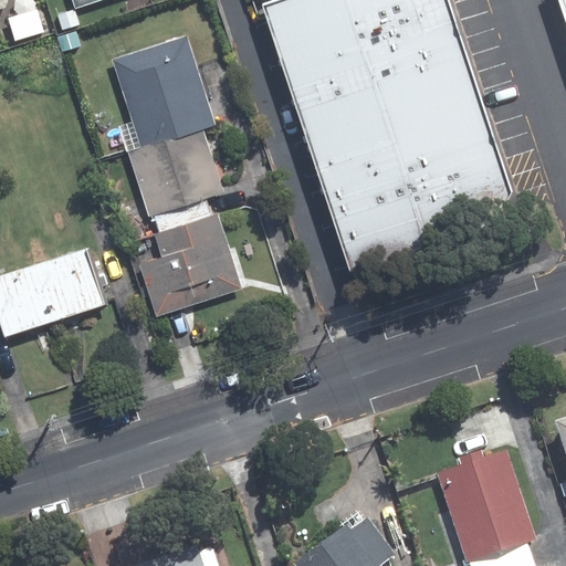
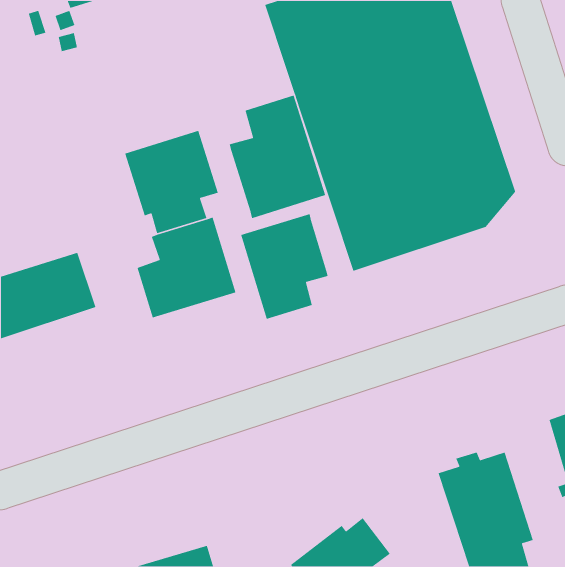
building: [109,38,212,153] -> none
building: none -> [229,94,326,219]
building: none -> [240,213,329,320]

